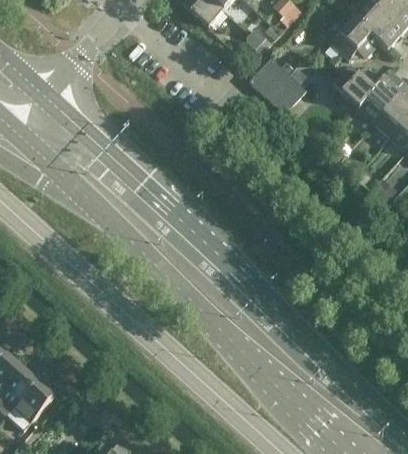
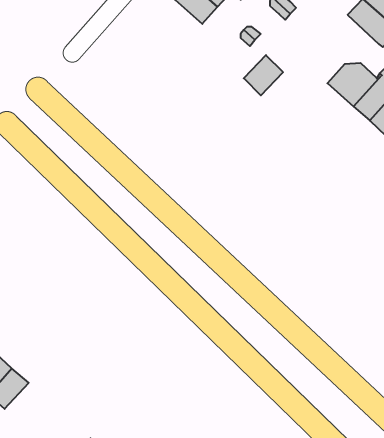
building: [330,17,383,59] -> none
building: [266,74,305,113] -> none
building: [12,382,52,423] -> none

